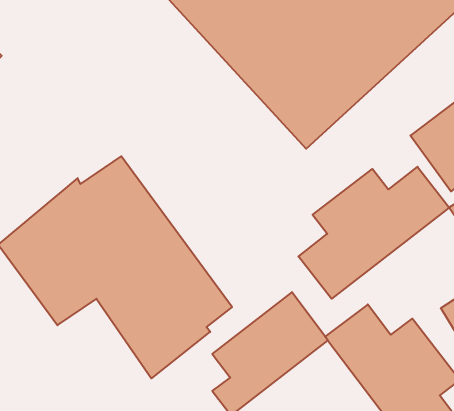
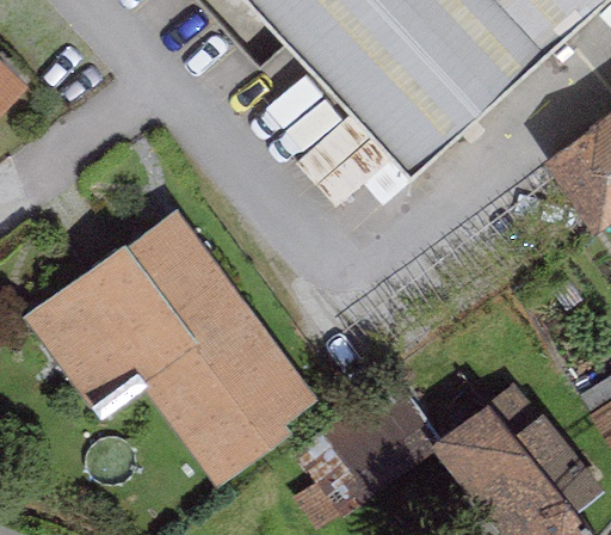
building: [298,167,449,299] -> none

